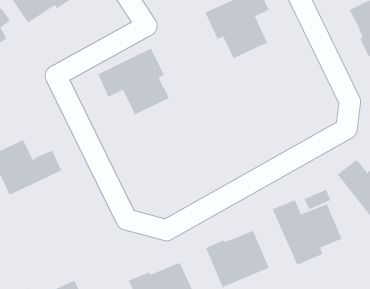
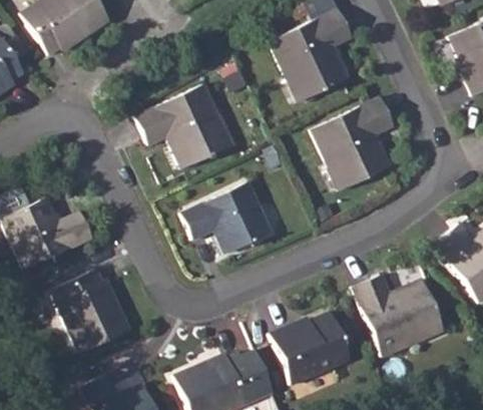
building: none -> [312,97,394,186]
building: none -> [182,182,272,253]
building: none -> [52,270,130,353]

